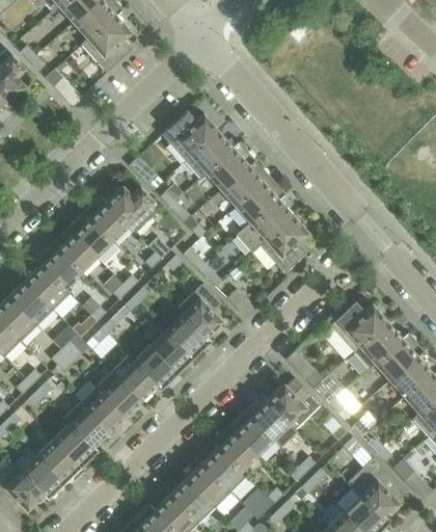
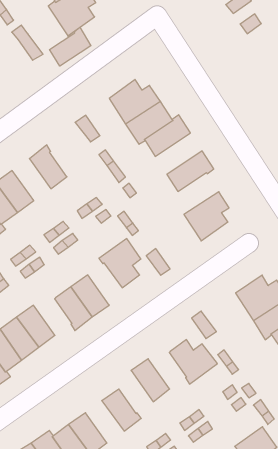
building: none -> [50,27,91,66]
building: [220,158,270,207] -> none
building: [105,185,159,232] -> none
building: [237,198,295,255] -> none
building: [67,212,112,257] -> none
building: [166,313,212,357] -> none
building: [112,353,157,399] -> none
building: [245,393,297,448] -> none
building: [212,425,257,471] -> none
building: [186,462,230,507] -> none

